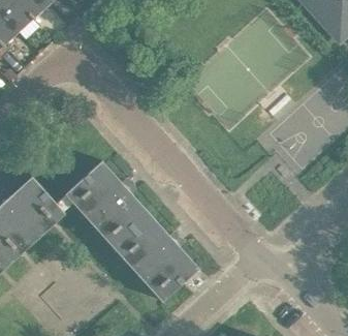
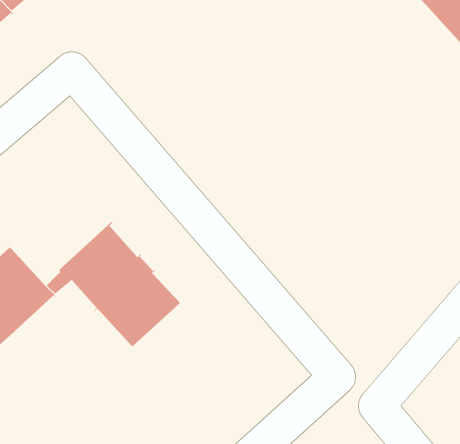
building: [114,214,198,301] -> none

